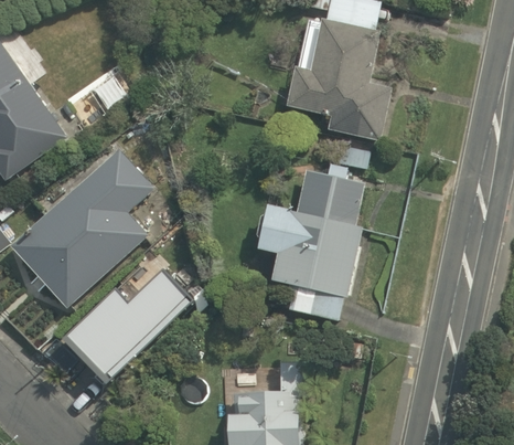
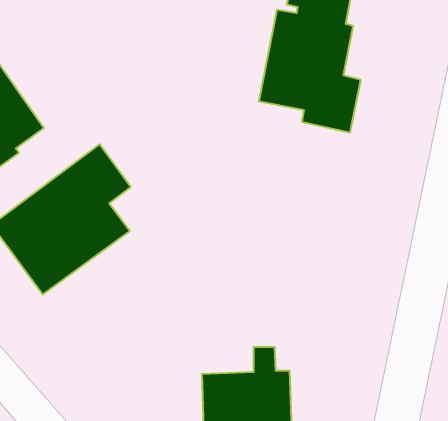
building: [255,171,363,318] -> none
building: [64,271,190,381] -> none

